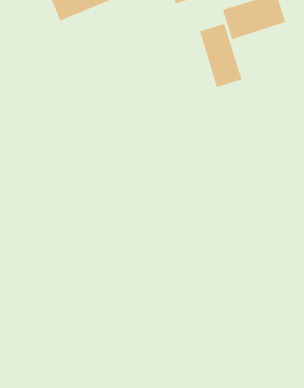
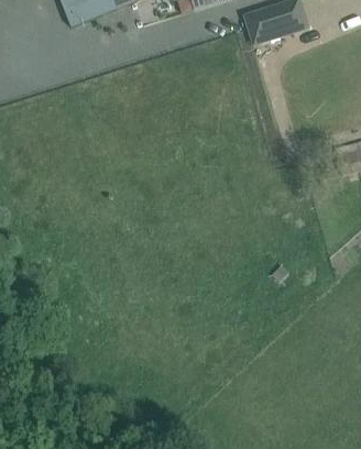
building: [199,23,242,88] -> none

